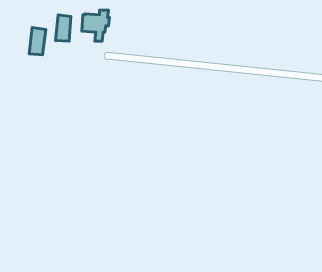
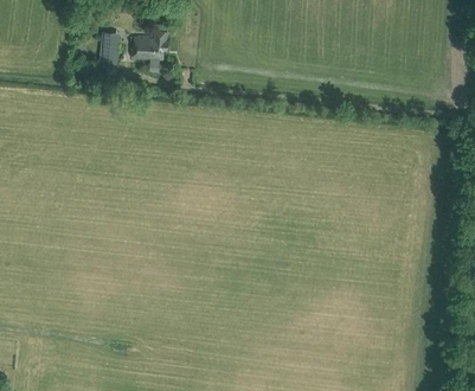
building: [29,28,46,55] -> none

